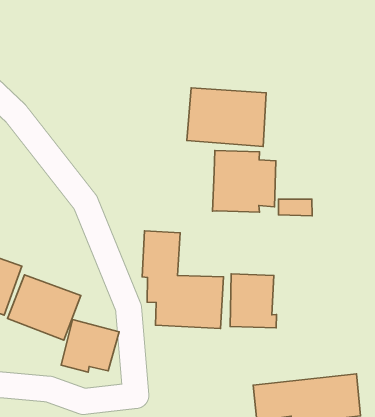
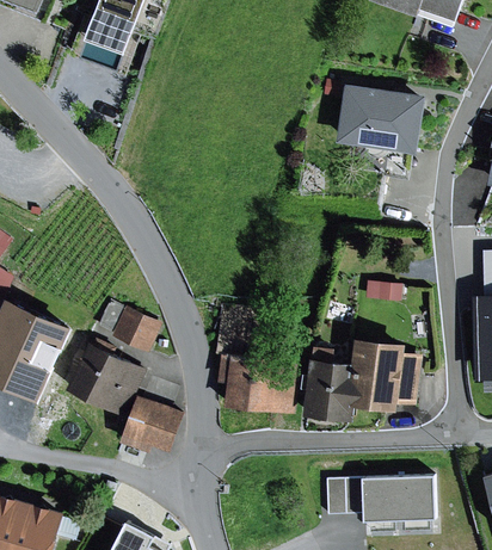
building: [187,88,266,147] -> [337,84,425,152]
building: [212,151,276,212] -> [349,340,420,409]
building: none -> [110,307,160,352]

